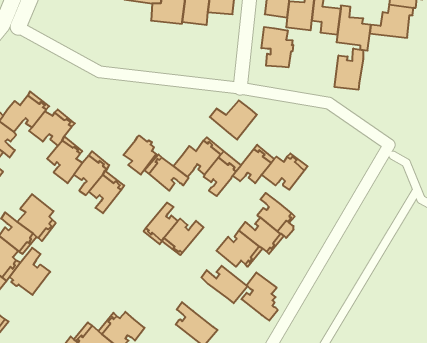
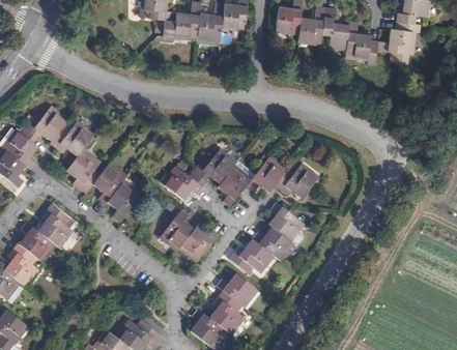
building: [261,27,293,67] -> none
building: [335,48,363,90] -> none
building: [210,100,257,140] -> none
building: [123,136,156,175] -> none
building: [10,248,50,295] -> none
building: [241,272,278,321] -> [206,291,241,338]

